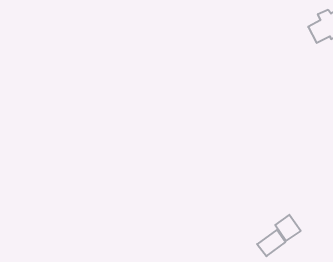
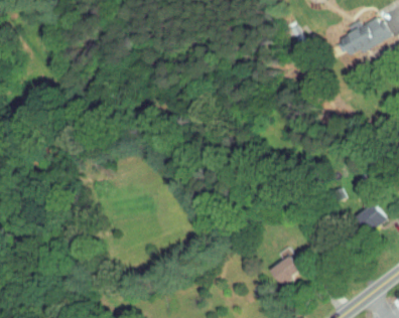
building: [275,215,301,241] -> none

